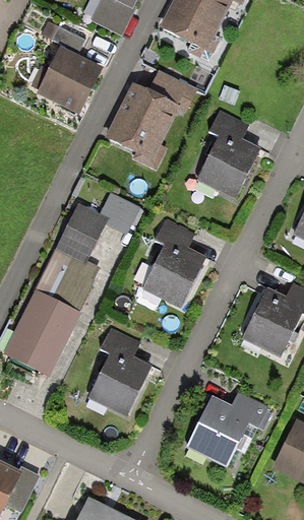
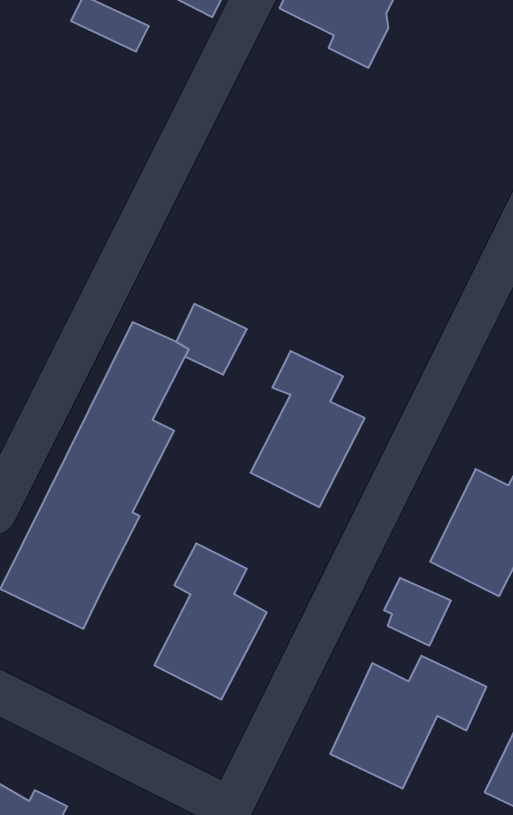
building: [36,47,102,114] -> none
building: [105,69,198,170] -> none
building: [196,111,261,199] -> none
building: none -> [384,578,451,646]

